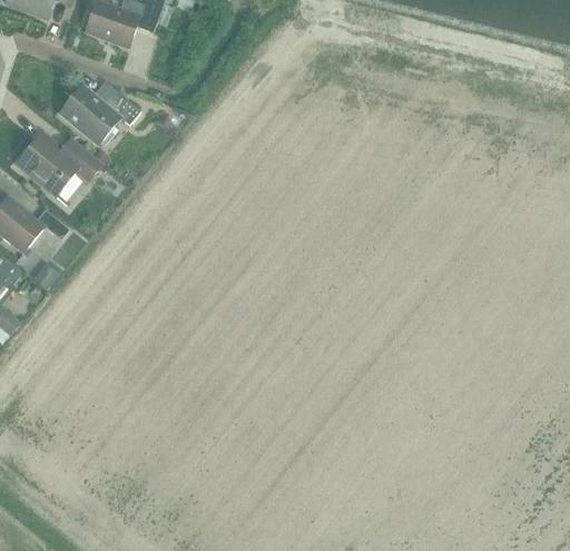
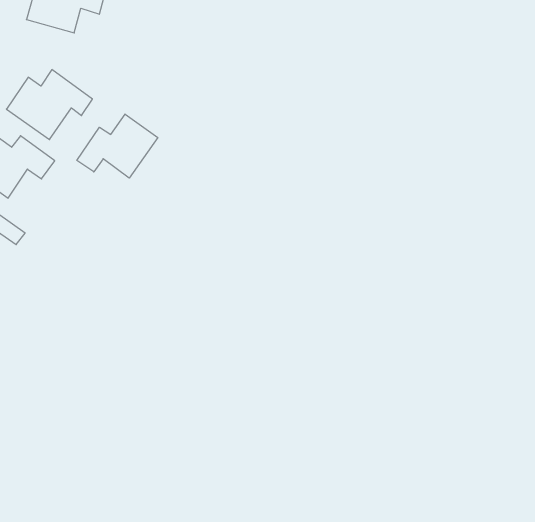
building: none -> [77,114,158,178]

